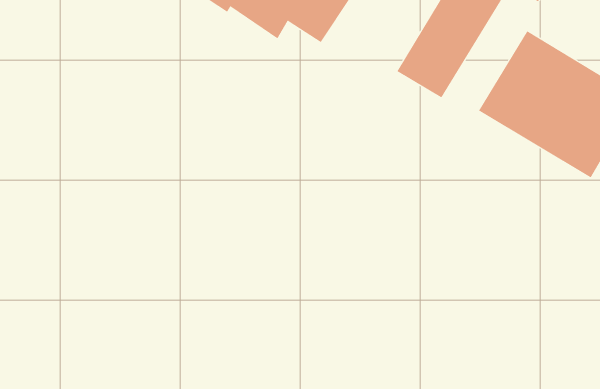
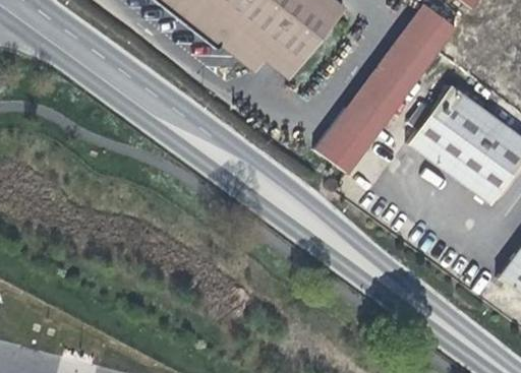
building: none -> [315,107,380,173]

